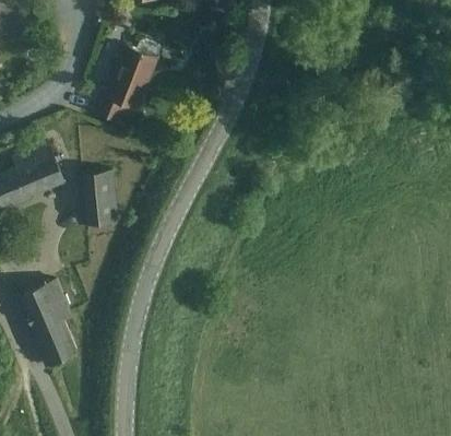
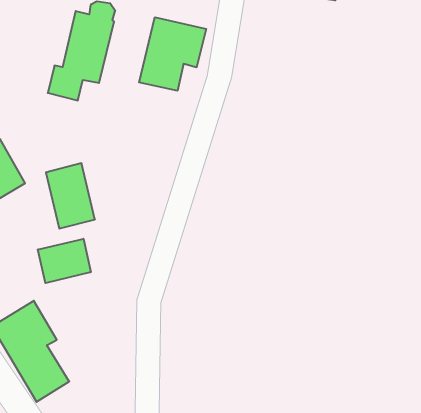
building: none -> [139,17,206,91]
building: none -> [38,239,91,283]

